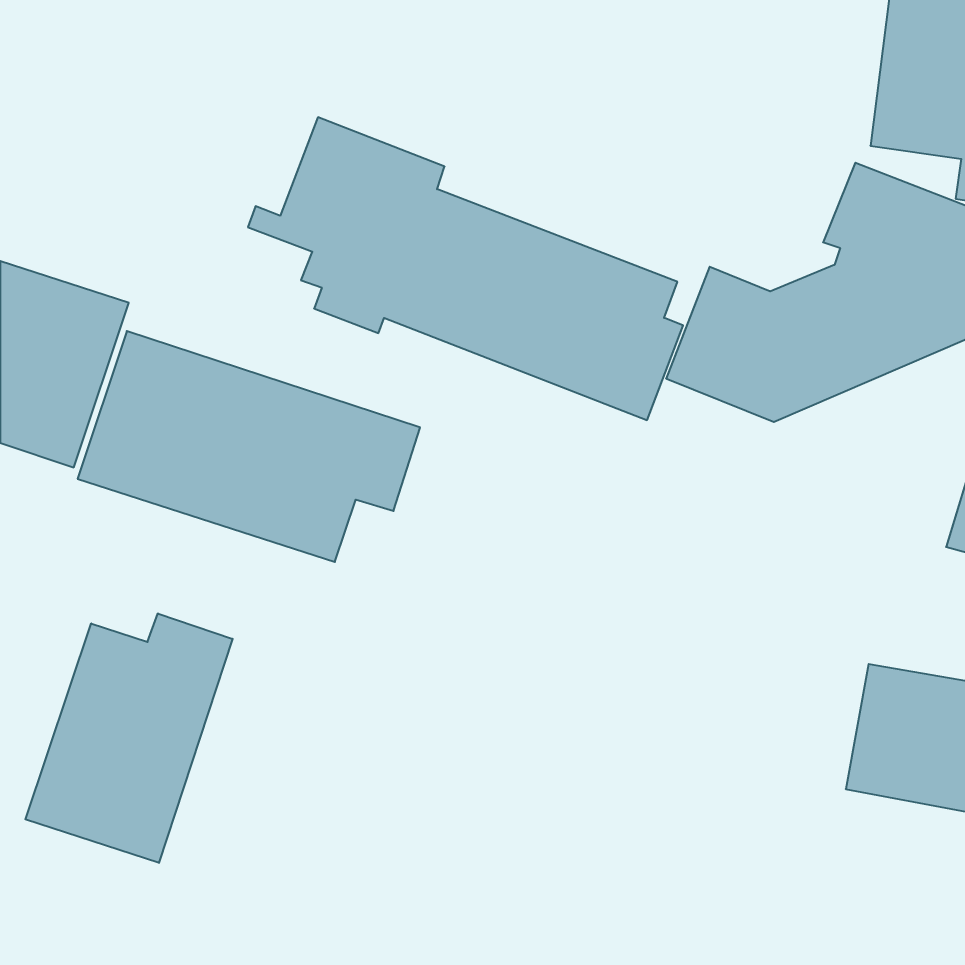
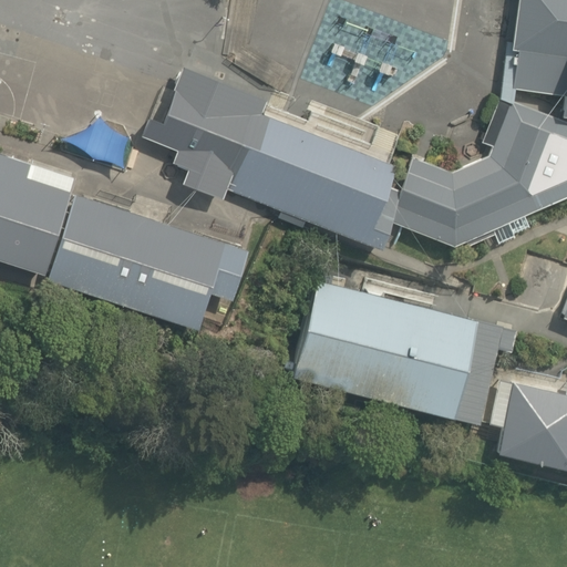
building: none -> [287,288,497,436]
building: [25,613,233,863] -> none

